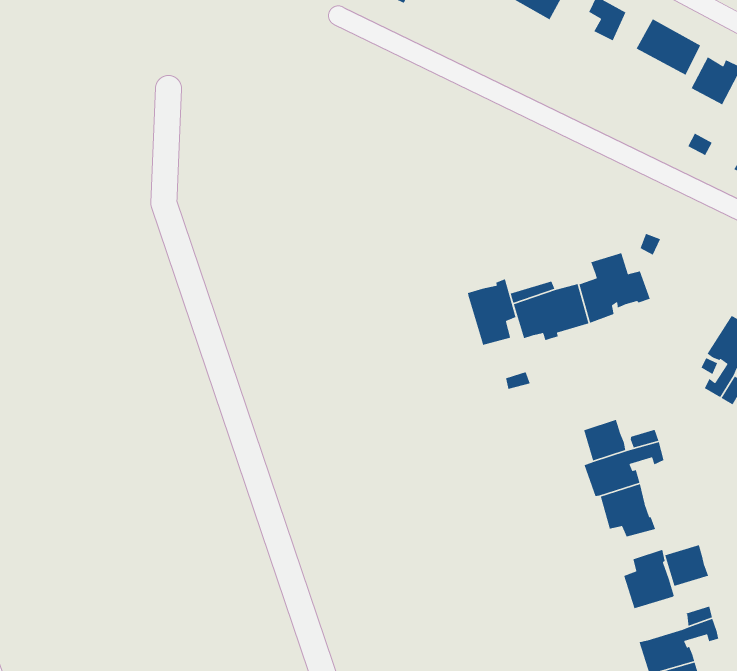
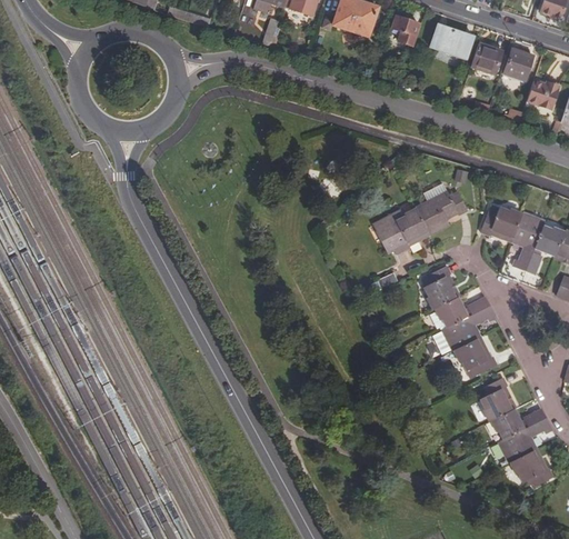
building: [467,278,517,346] -> none
building: none -> [480,207,521,241]
building: none -> [425,264,460,307]
building: [664,544,709,587] -> [493,407,526,438]

